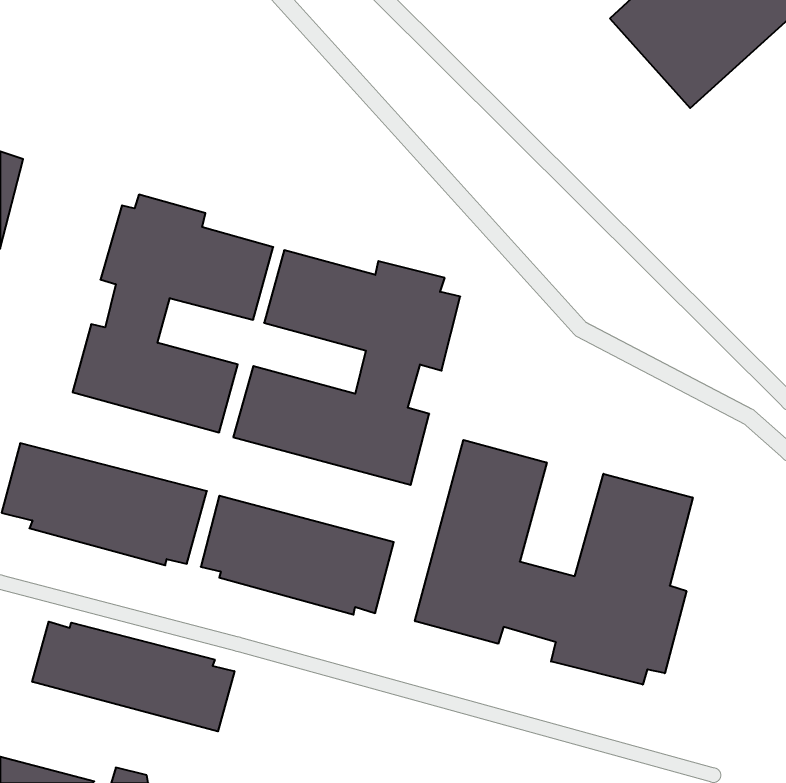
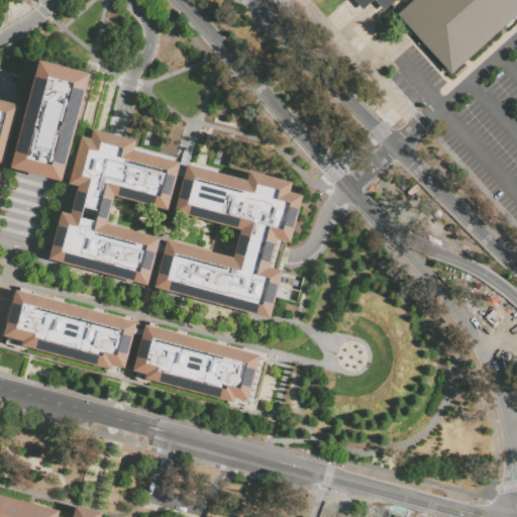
building: none -> [10,61,90,182]
building: [415,440,693,685] -> none
building: [32,622,234,731] -> none

